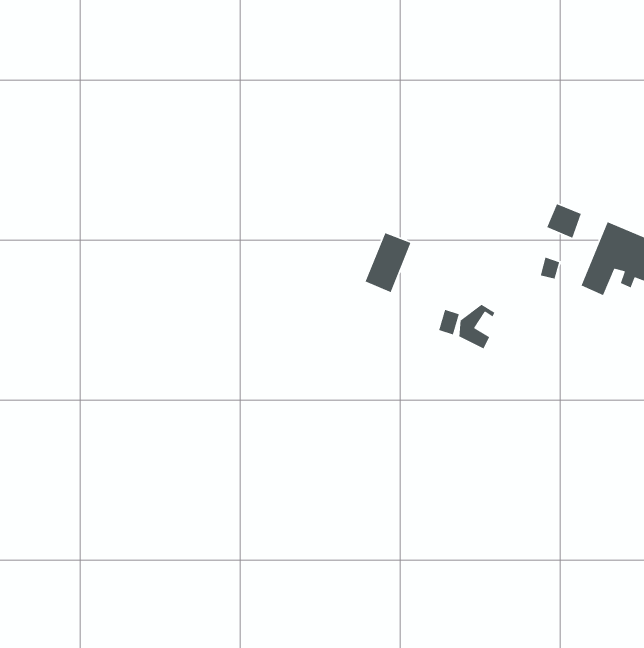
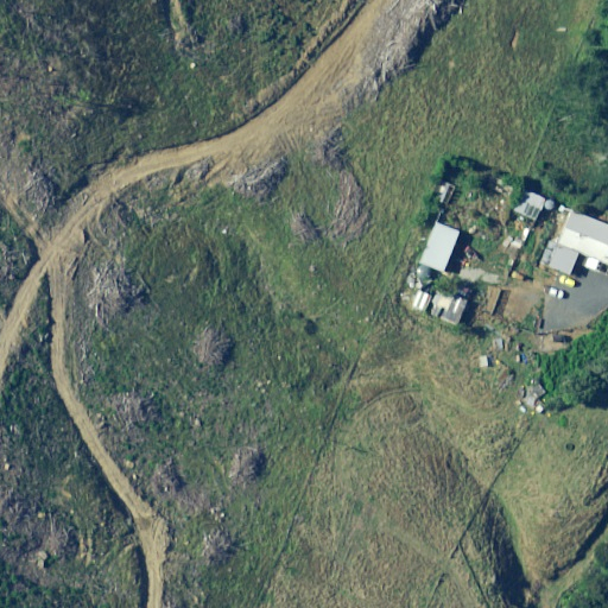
building: [365,232,412,293] -> [418,217,462,274]

